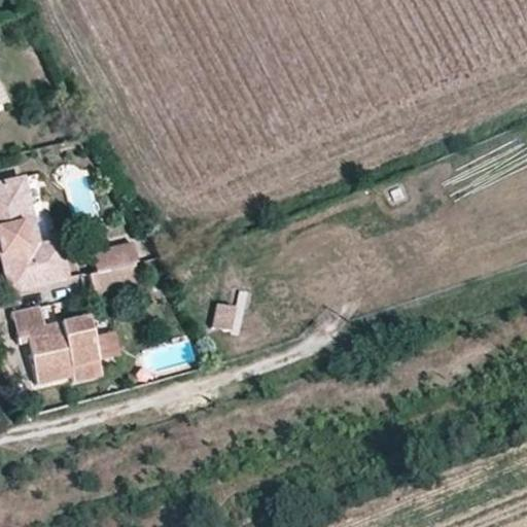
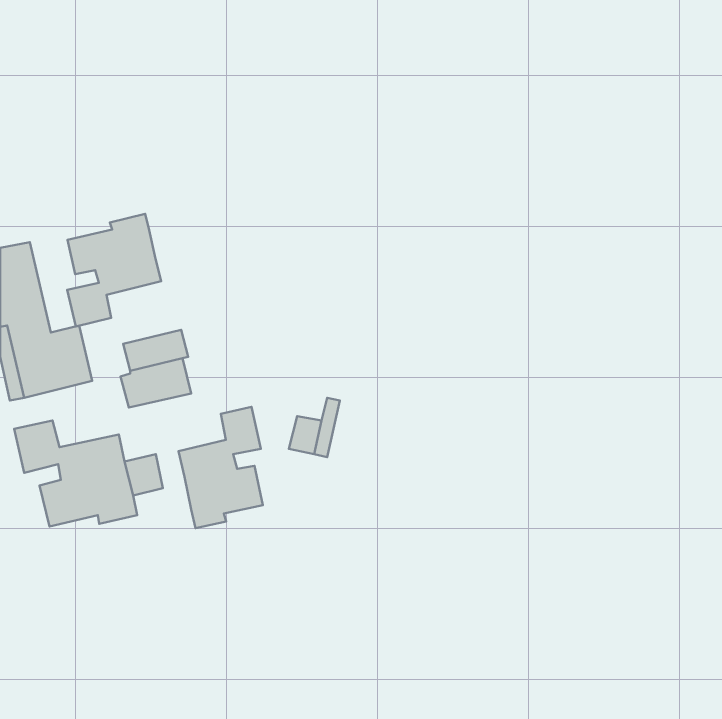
building: none -> [67,214,161,326]
building: none -> [178,407,263,528]

